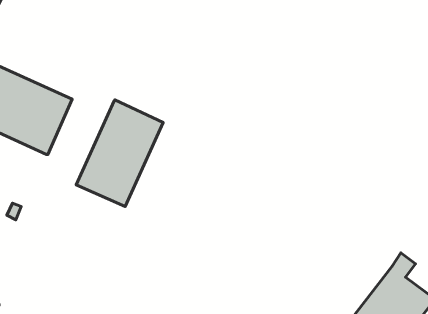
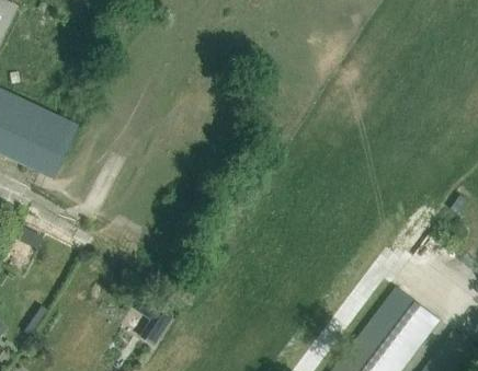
building: [76,100,163,207] -> none

